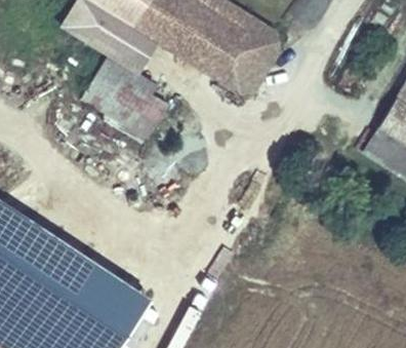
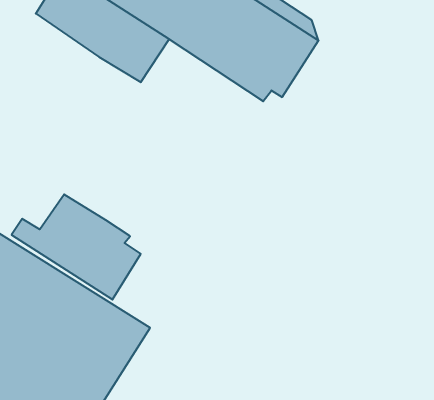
building: [72,70,170,150] -> [12,194,141,300]

